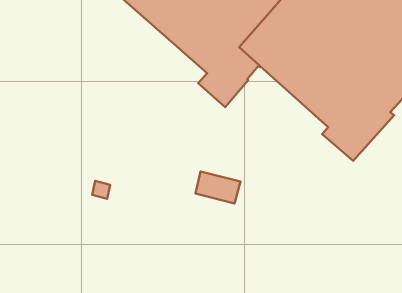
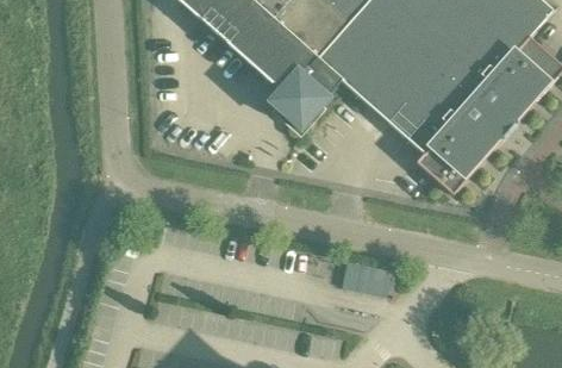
building: [195,172,240,204] -> [345,257,399,295]

